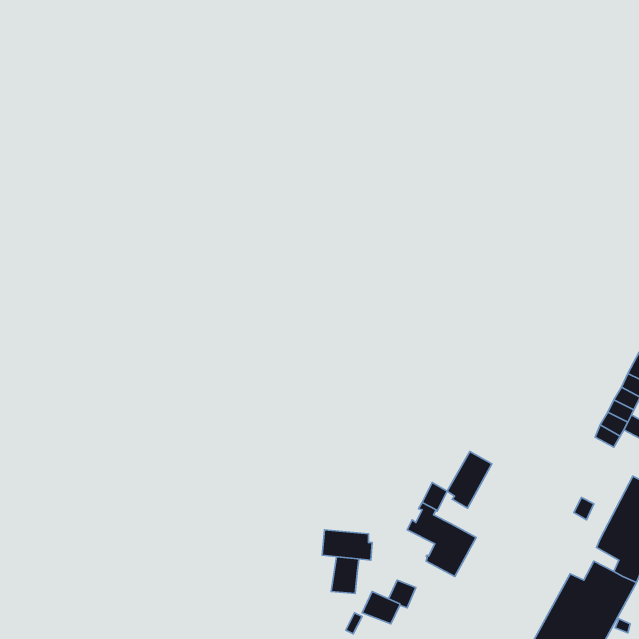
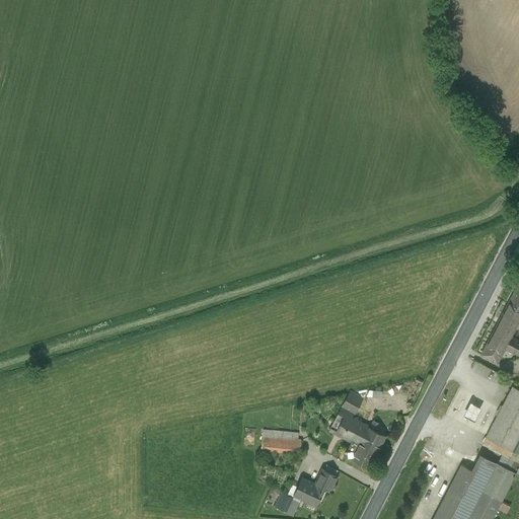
building: [447,452,492,508] -> none
building: [331,557,359,594] -> none

